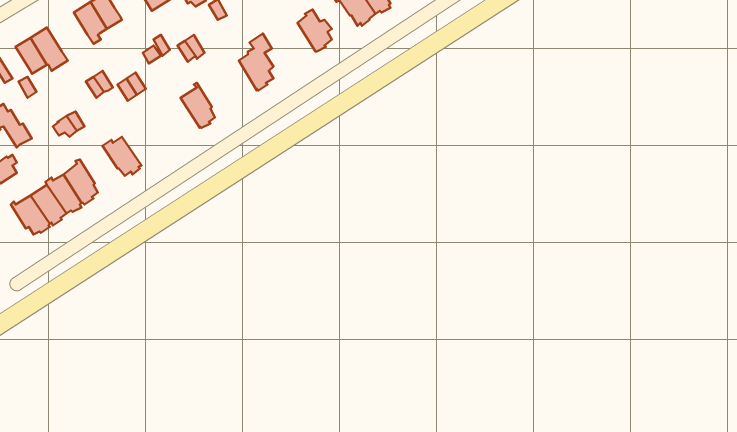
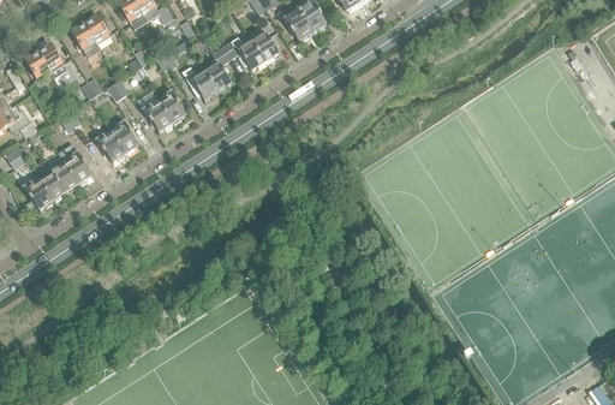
building: none -> [222,37,264,70]
building: none -> [180,65,217,100]
building: none -> [139,99,172,131]
building: none -> [109,117,137,154]

